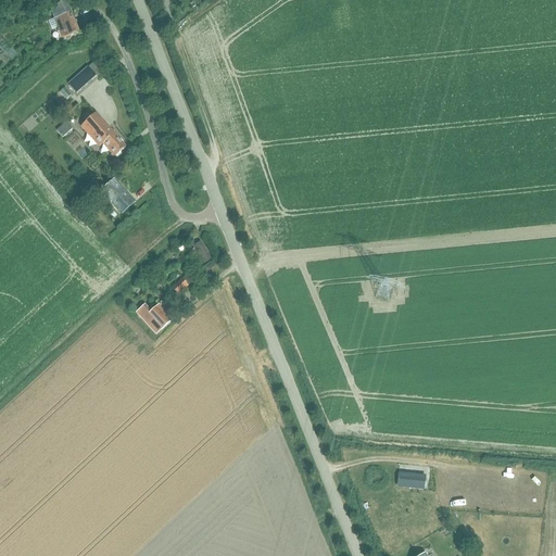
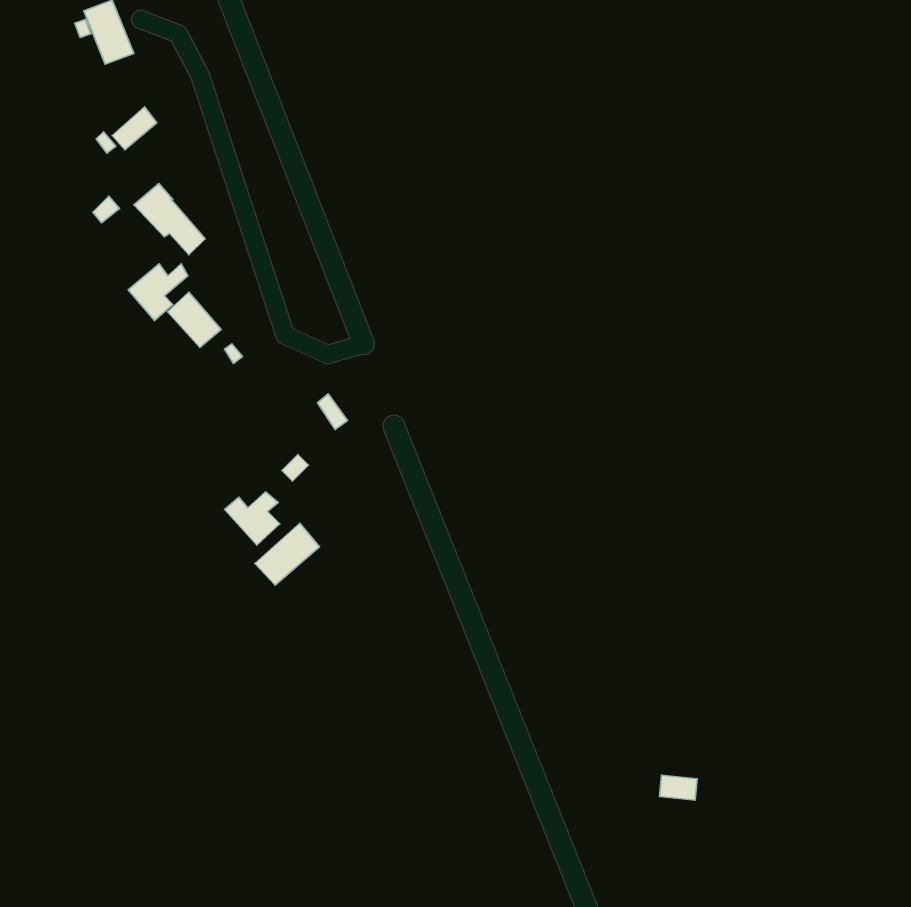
building: none -> [128,264,188,320]
building: none -> [255,523,320,585]

